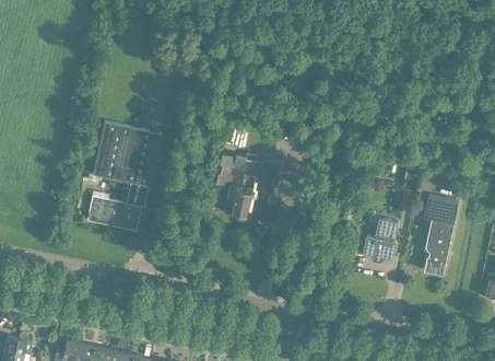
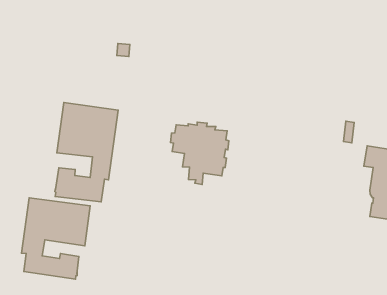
building: [363,218,399,260] -> none
building: none -> [22,198,90,279]

